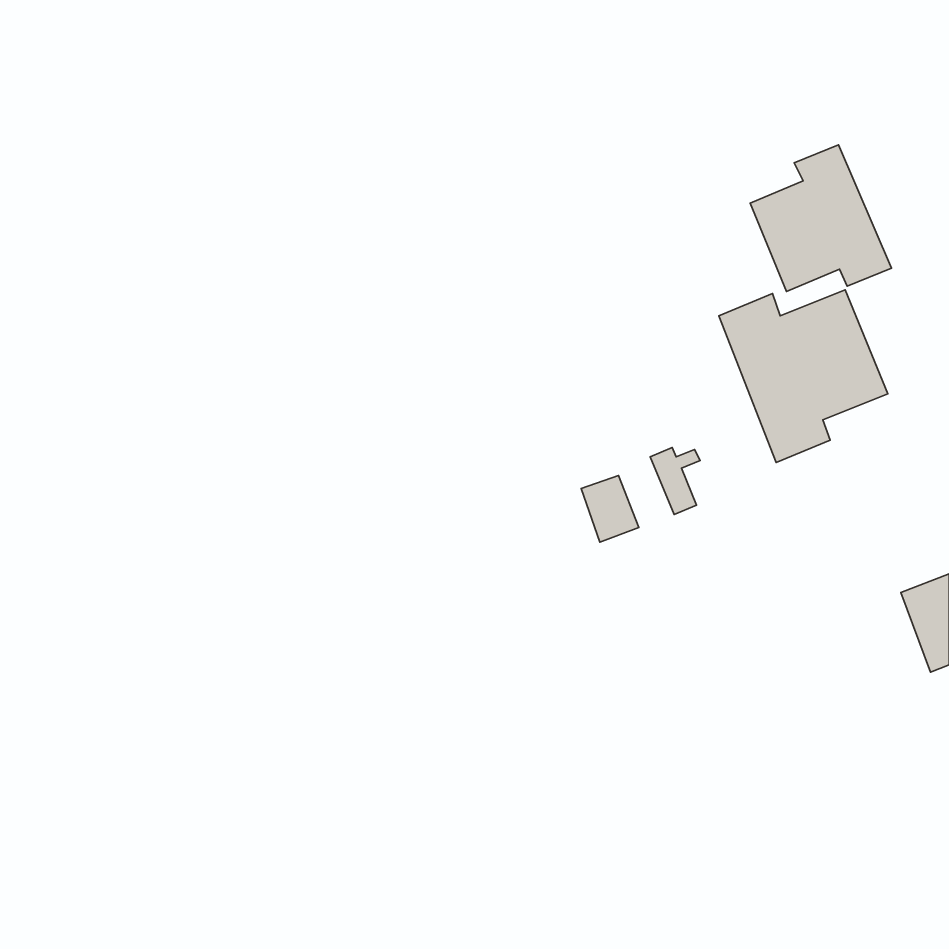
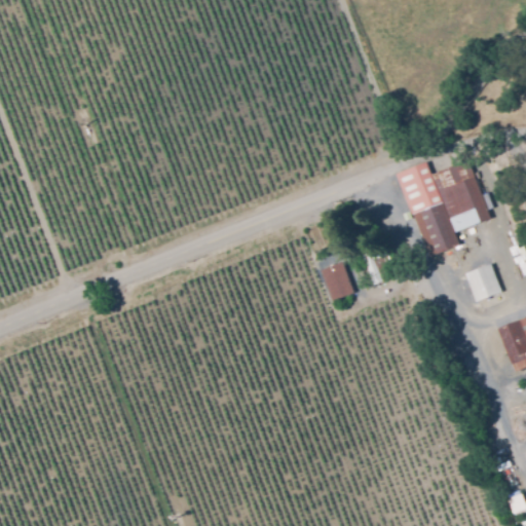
building: [750,145,891,292] -> none
building: none -> [466,264,502,301]

